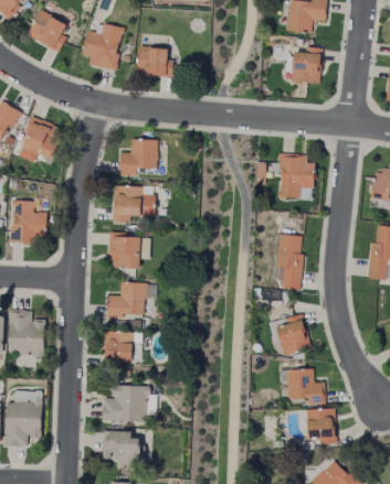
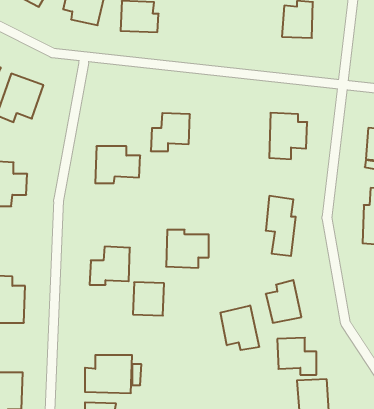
building: [120,139,158,175] -> [151,113,190,151]
building: [109,233,150,269] -> [166,230,209,268]
building: [104,332,134,364] -> [133,282,164,316]
building: none -> [220,305,259,350]

